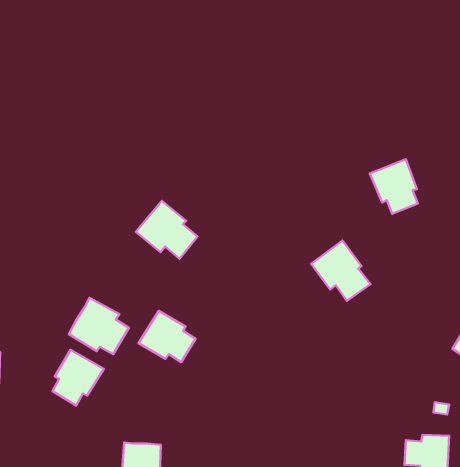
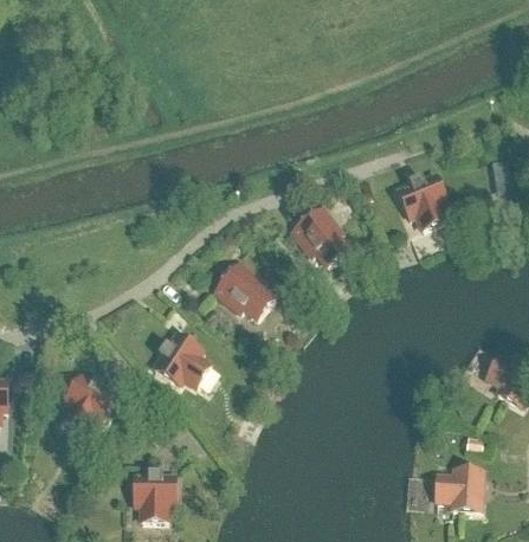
building: [136,201,197,259] -> [212,260,277,322]
building: [311,241,370,301] -> [289,206,351,270]
building: [69,298,129,354] -> none

